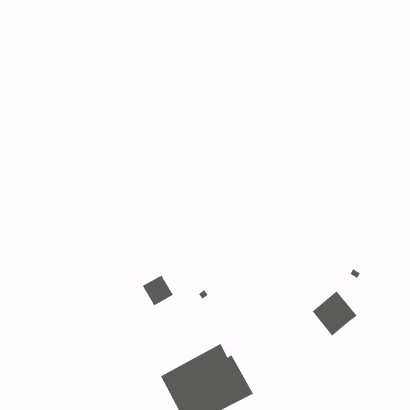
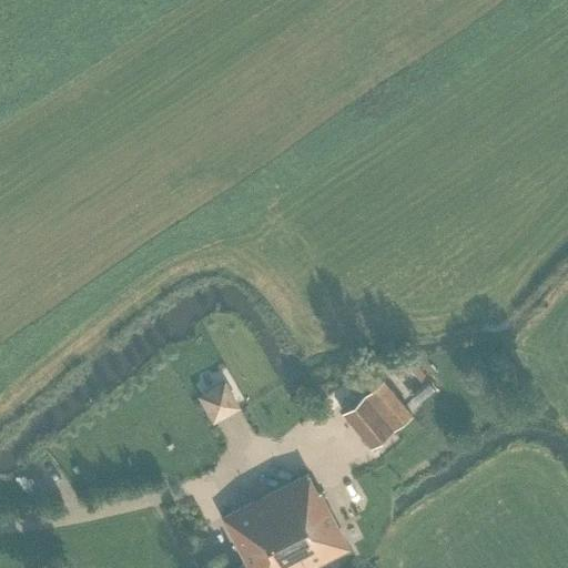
building: [312,290,358,336] -> [345,386,408,449]

